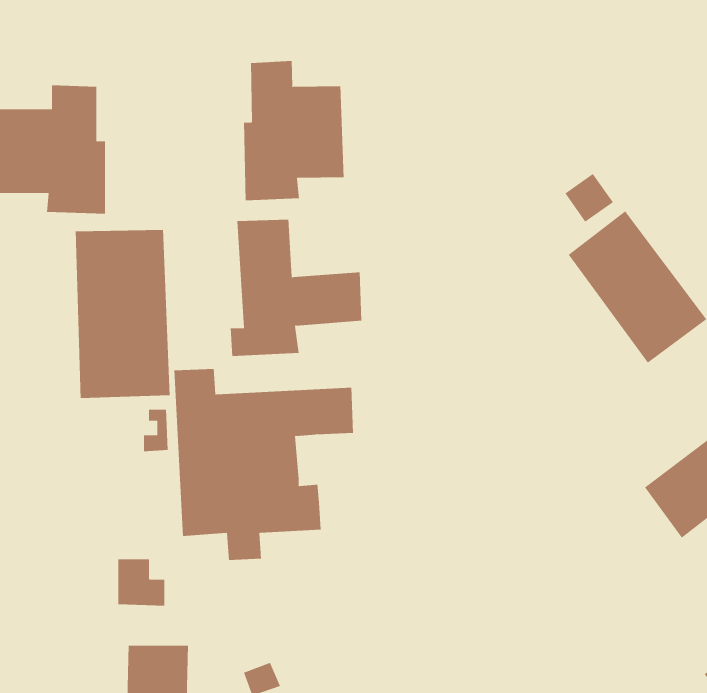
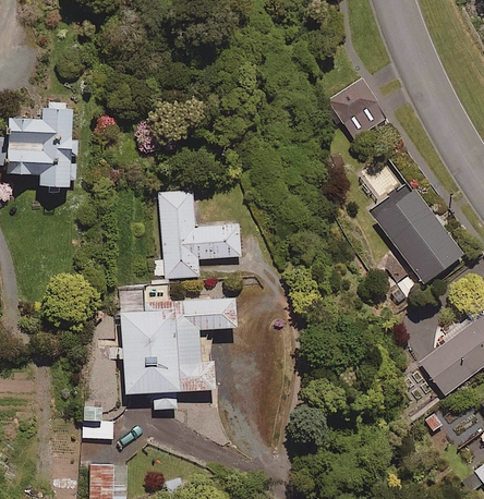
building: none -> [324,78,387,138]
building: [244,60,344,201] -> none
building: [75,229,170,399] -> none

